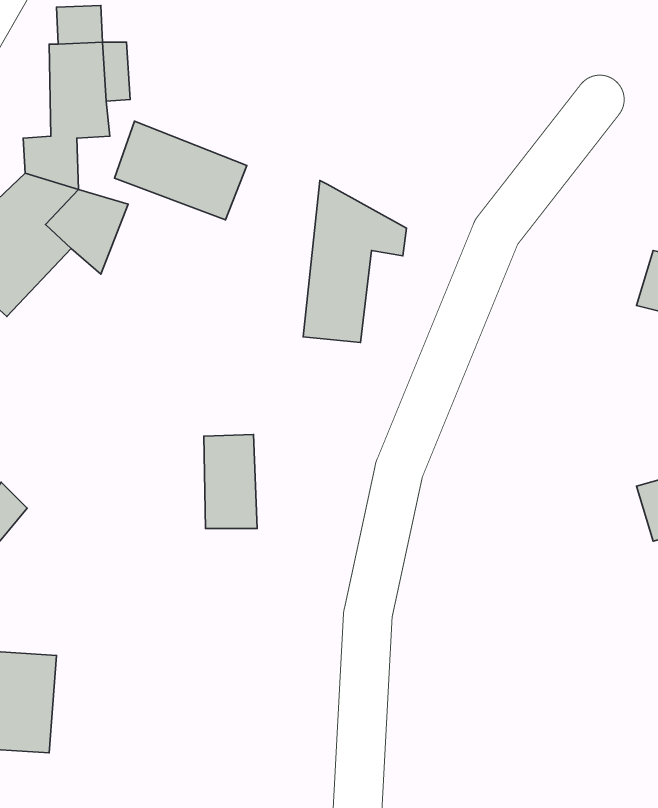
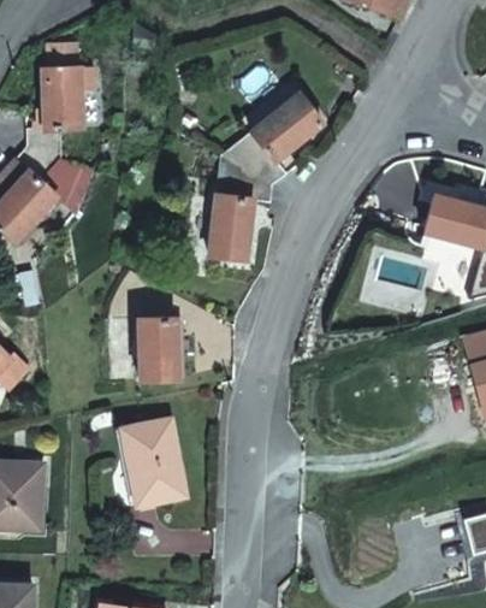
building: none -> [223,93,318,183]
building: [115,121,247,220] -> none
building: none -> [128,420,190,504]

